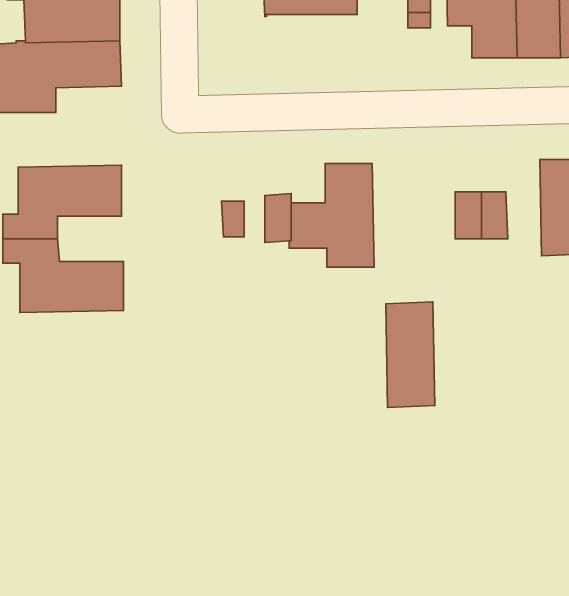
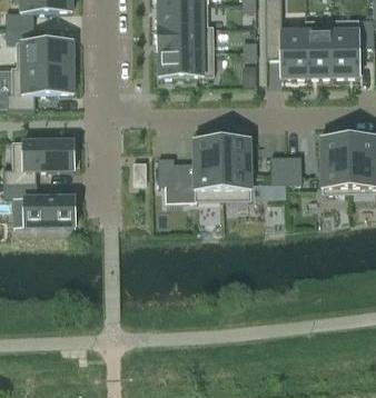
building: none -> [159,51,214,77]
building: [386,302,435,407] -> [221,138,250,200]

